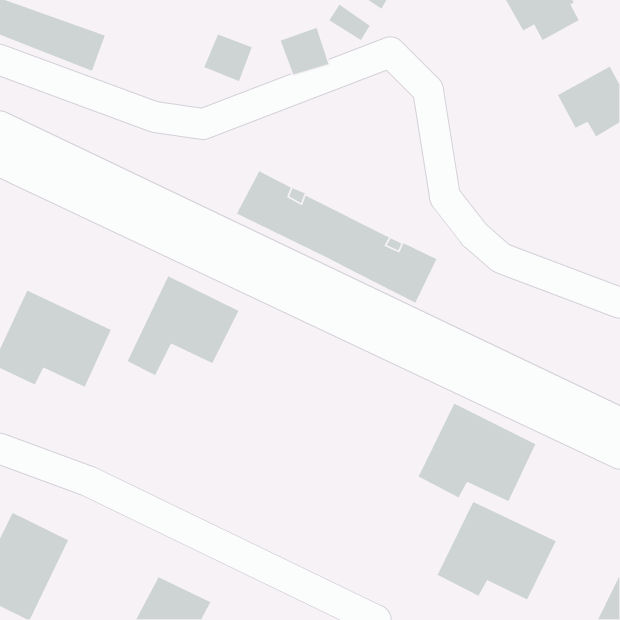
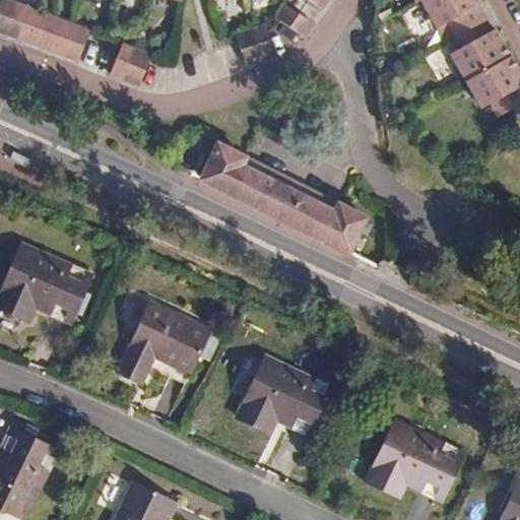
building: none -> [450,17,510,79]
building: [203,33,253,82] -> [108,44,149,84]
building: [126,275,240,376] -> [117,301,211,385]
building: [418,403,537,502] -> [236,354,335,438]

